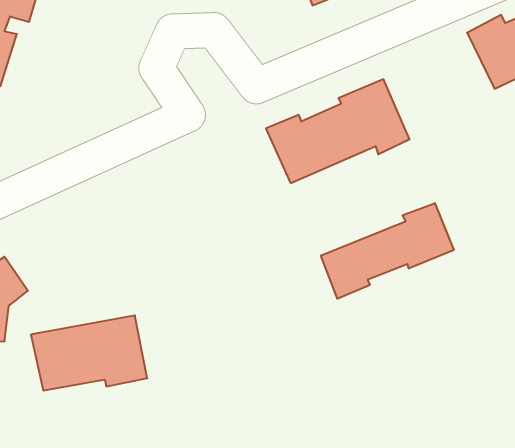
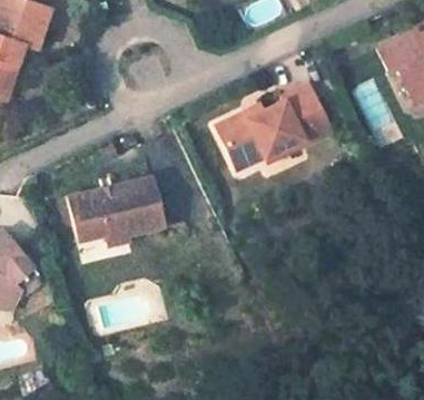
building: [321,203,454,299] -> none
building: [31,315,147,391] -> [68,182,162,243]

